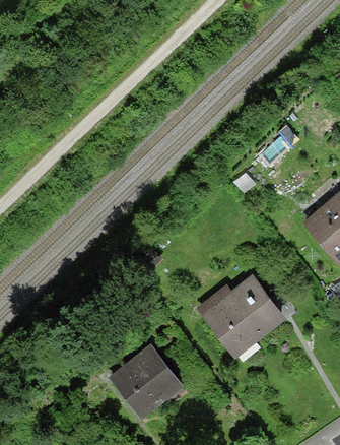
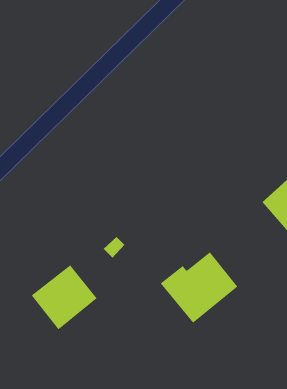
building: [110,346,180,416] -> [31,264,98,330]

